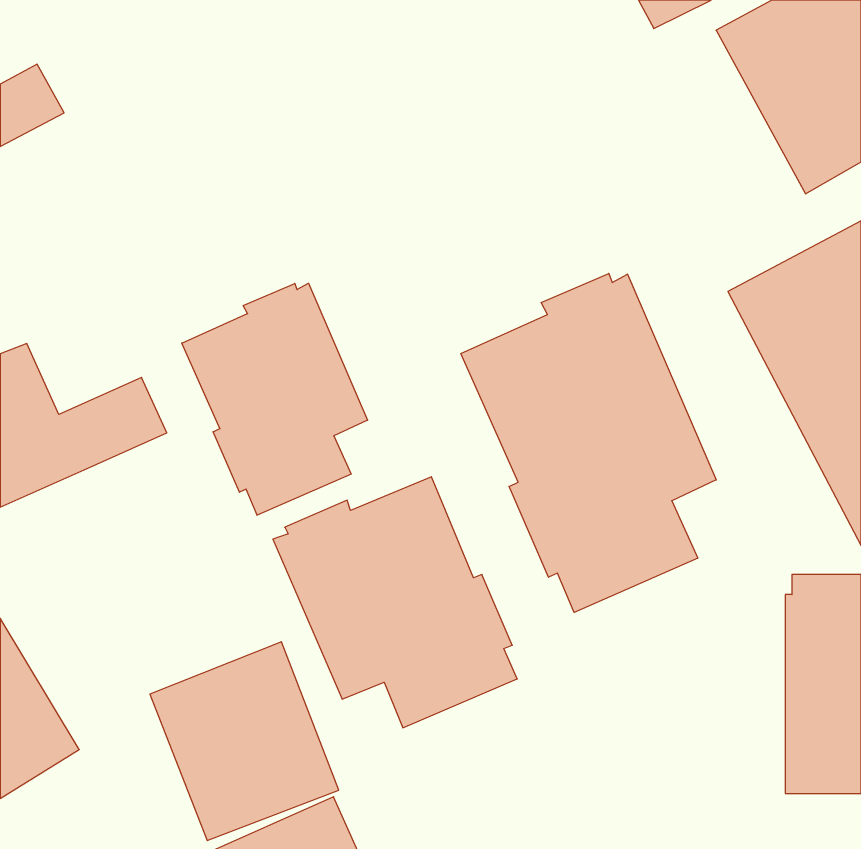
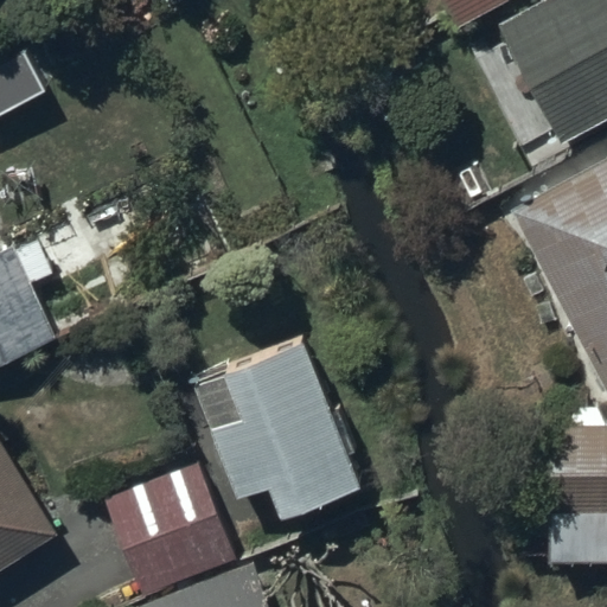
building: [461,273,716,612] -> none
building: [182,283,368,515] -> none

